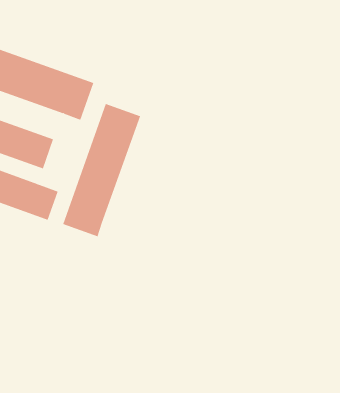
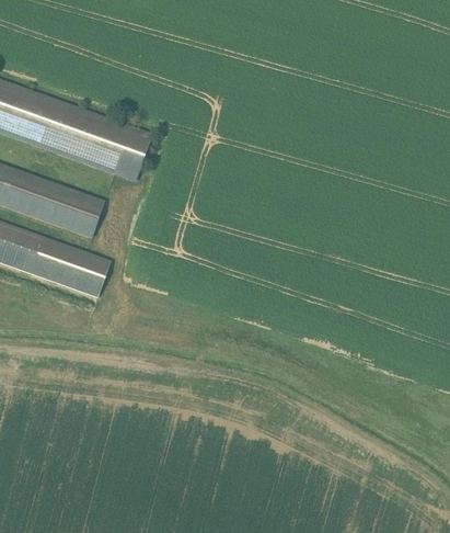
building: [63,103,141,237] -> none

